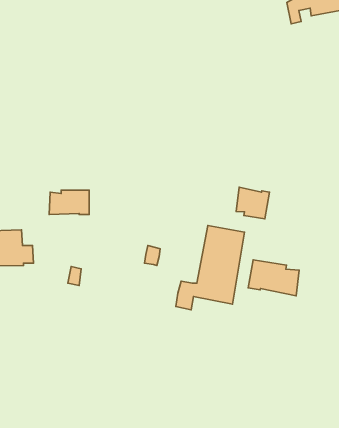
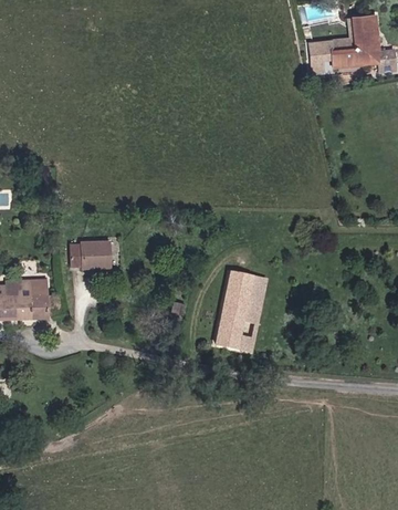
building: [236,187,269,219] -> none
building: [248,260,299,296] -> none

